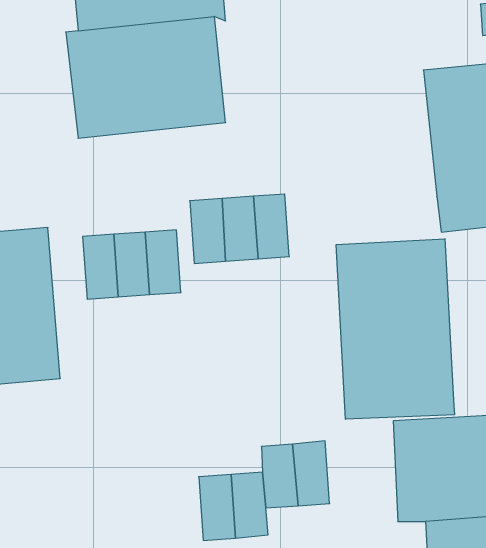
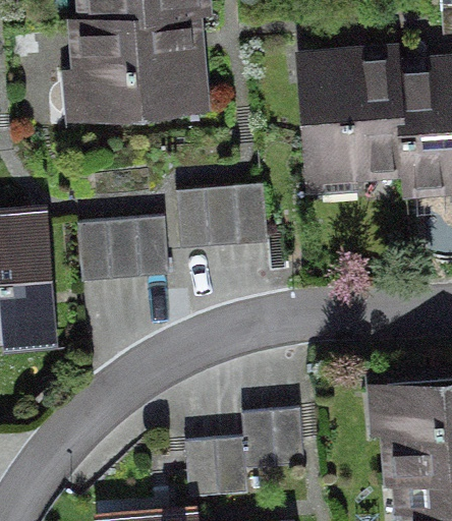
building: none -> [296,52,401,188]
building: [336,239,454,419] -> none

